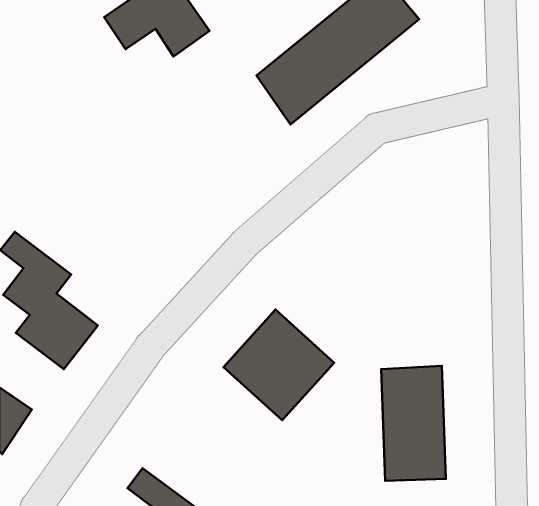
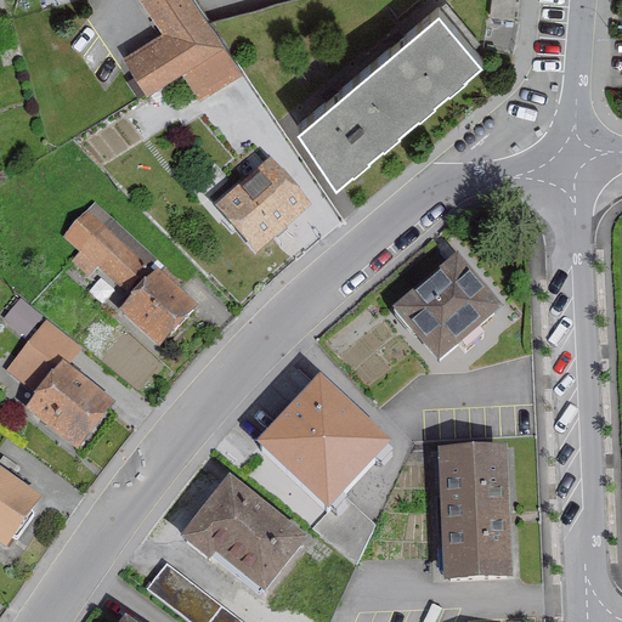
building: none -> [219,160,310,250]
building: none -> [63,199,196,345]
building: none -> [392,256,498,361]
building: none -> [181,482,306,595]

